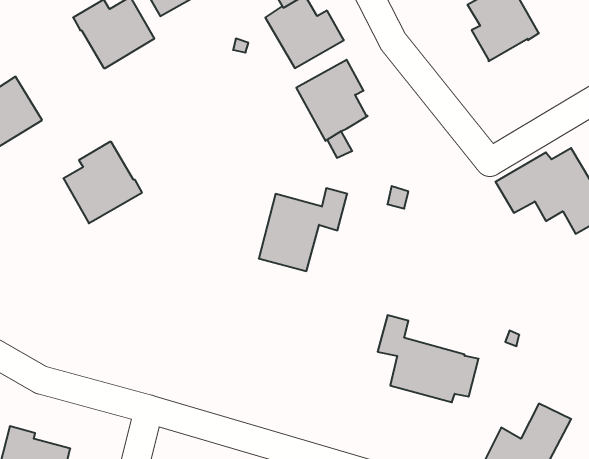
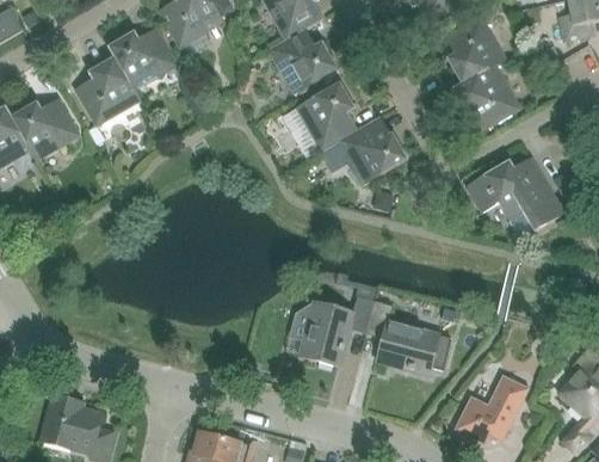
building: none -> [449,64,518,129]
building: none -> [339,117,407,184]
building: [63,142,142,223] -> [73,57,140,127]
building: [259,188,347,271] -> [298,295,373,365]

